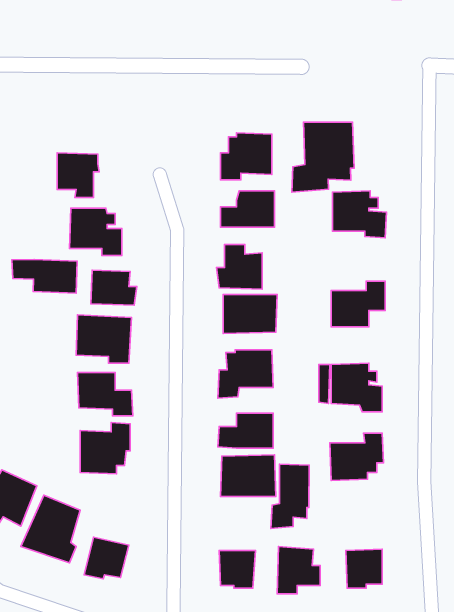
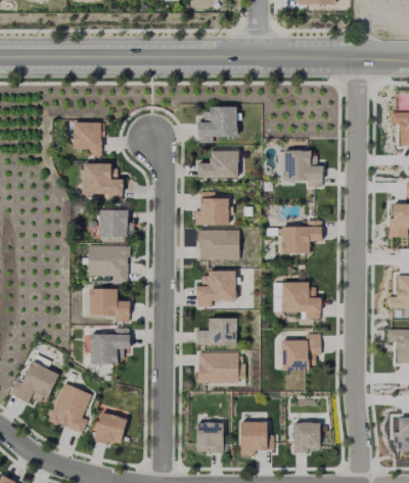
building: [292,122,354,192] -> none
building: [12,260,77,293] -> none
building: [271,464,309,529] -> none

